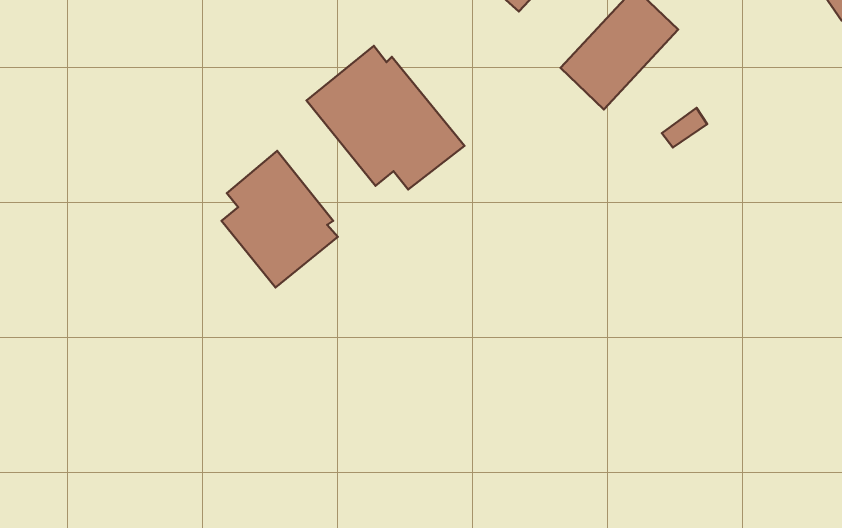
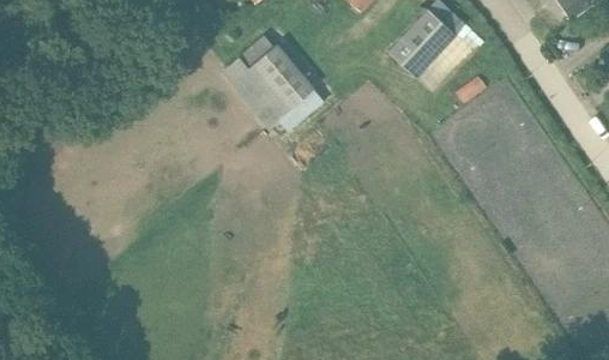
building: [222,151,338,287] -> none

